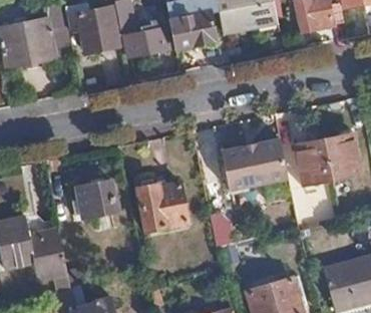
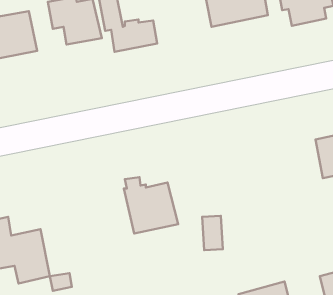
building: [170,13,218,47] -> none
building: [296,140,330,181] -> none
building: [222,144,288,198] -> none
building: [74,179,117,221] -> none

